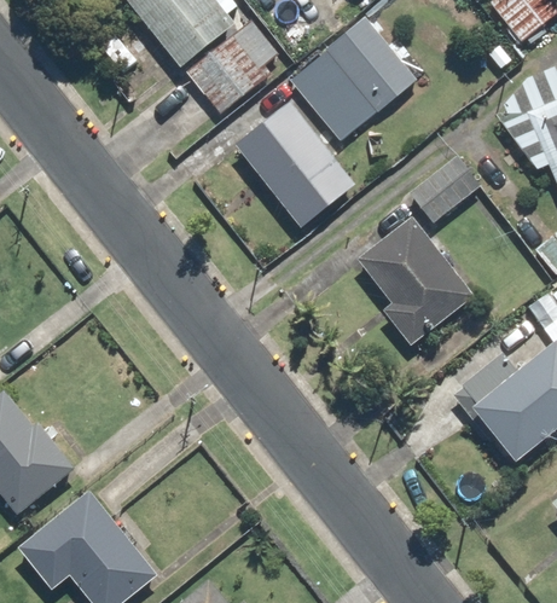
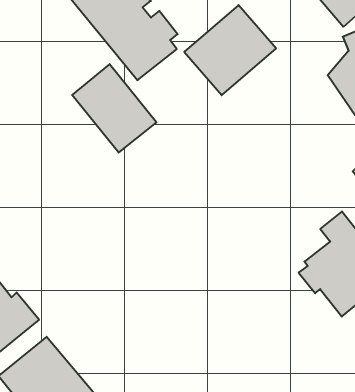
building: [234,99,356,227] -> [72,64,156,153]
building: [406,156,480,226] -> none
building: [358,218,474,346] -> none

